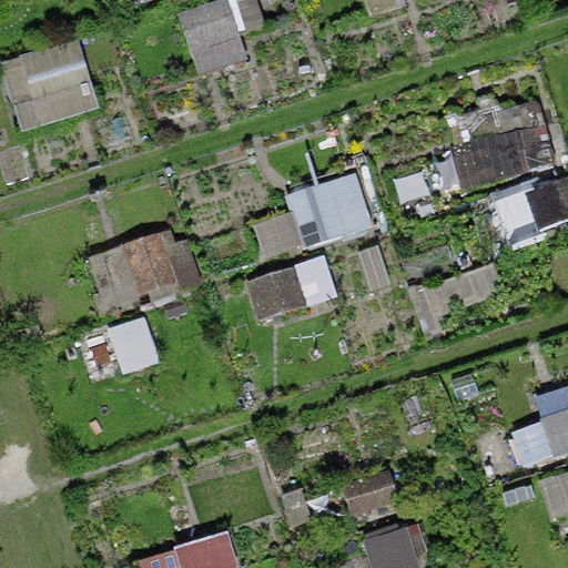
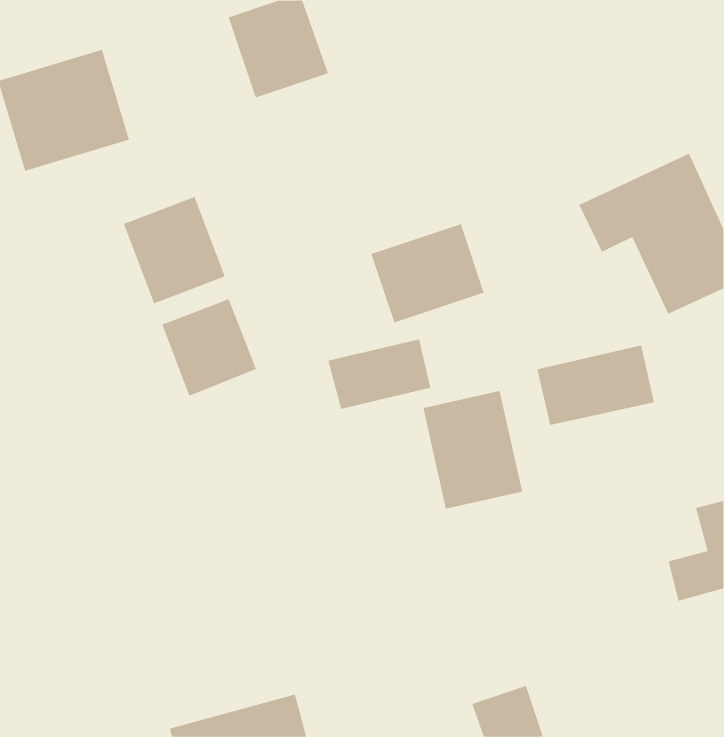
building: none -> [123,196,226,304]
building: none -> [423,390,523,510]

